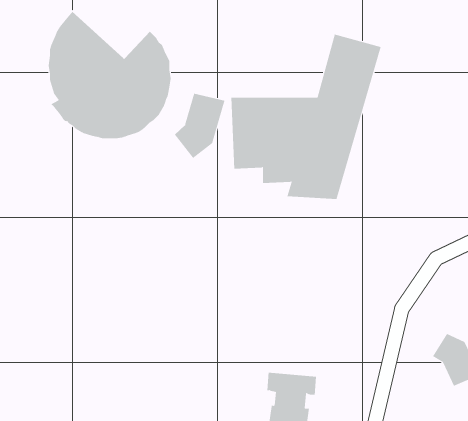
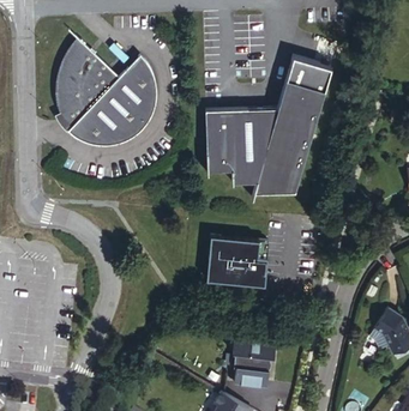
building: [174,93,225,159] -> none
building: none -> [207,235,267,282]

